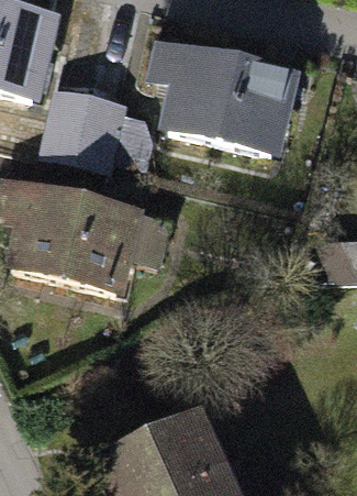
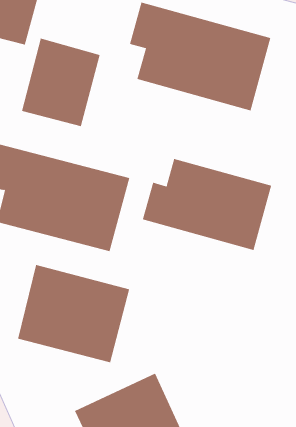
building: none -> [142,158,272,251]
building: none -> [18,264,130,363]

